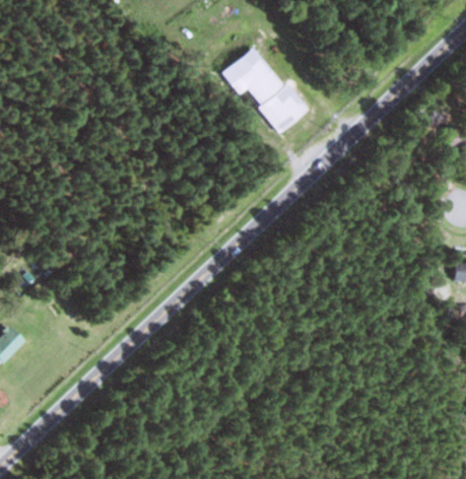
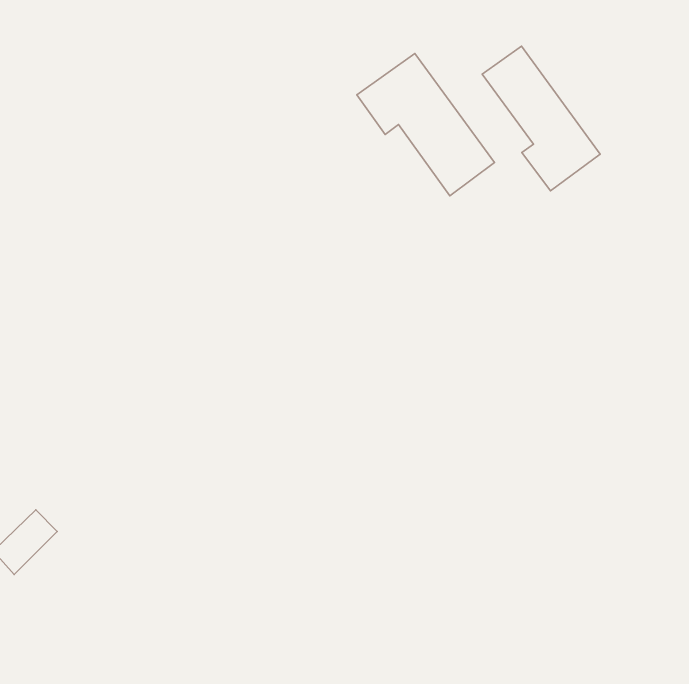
building: none -> [482,46,600,191]

